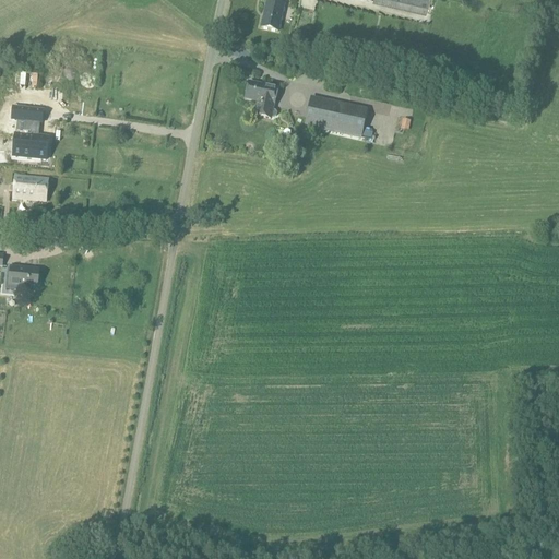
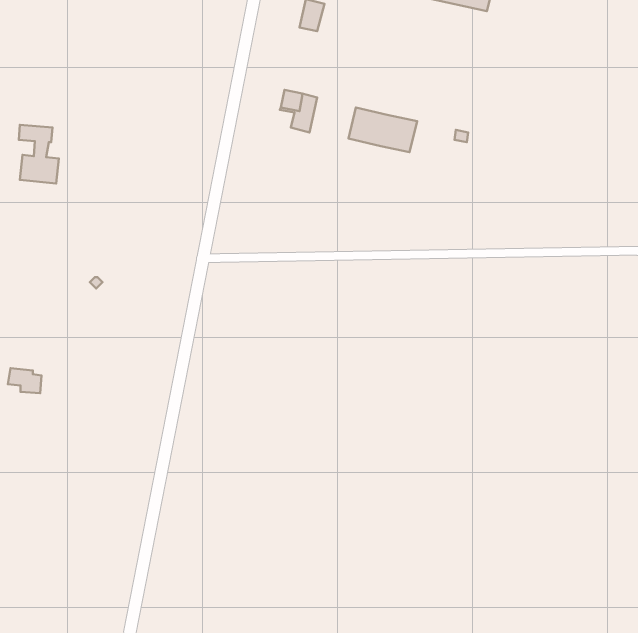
building: [13,174,48,199] -> none
building: [9,264,38,286] -> [8,368,42,393]

